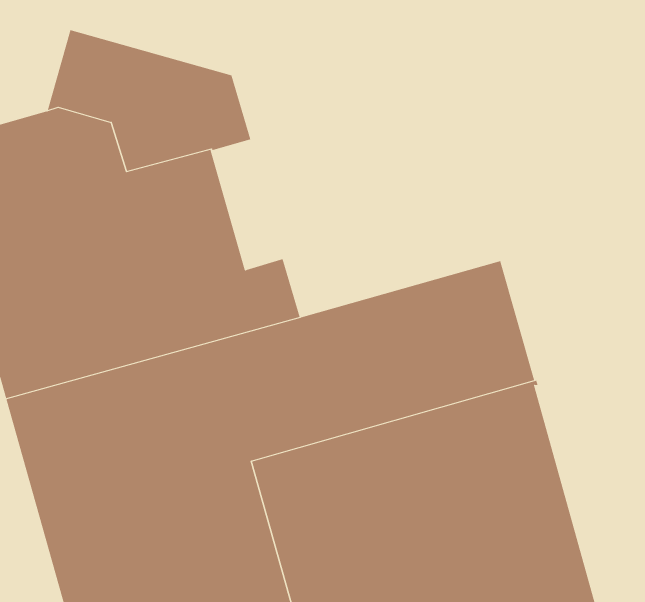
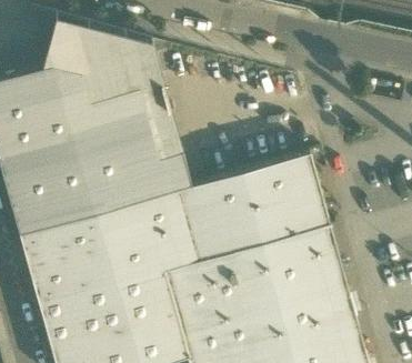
building: none -> [139,83,181,160]

